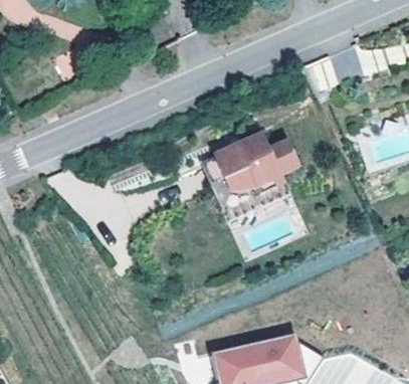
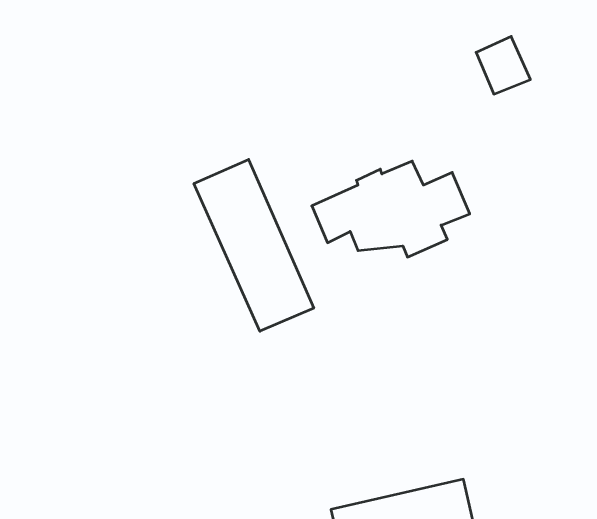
building: none -> [194,159,314,331]

